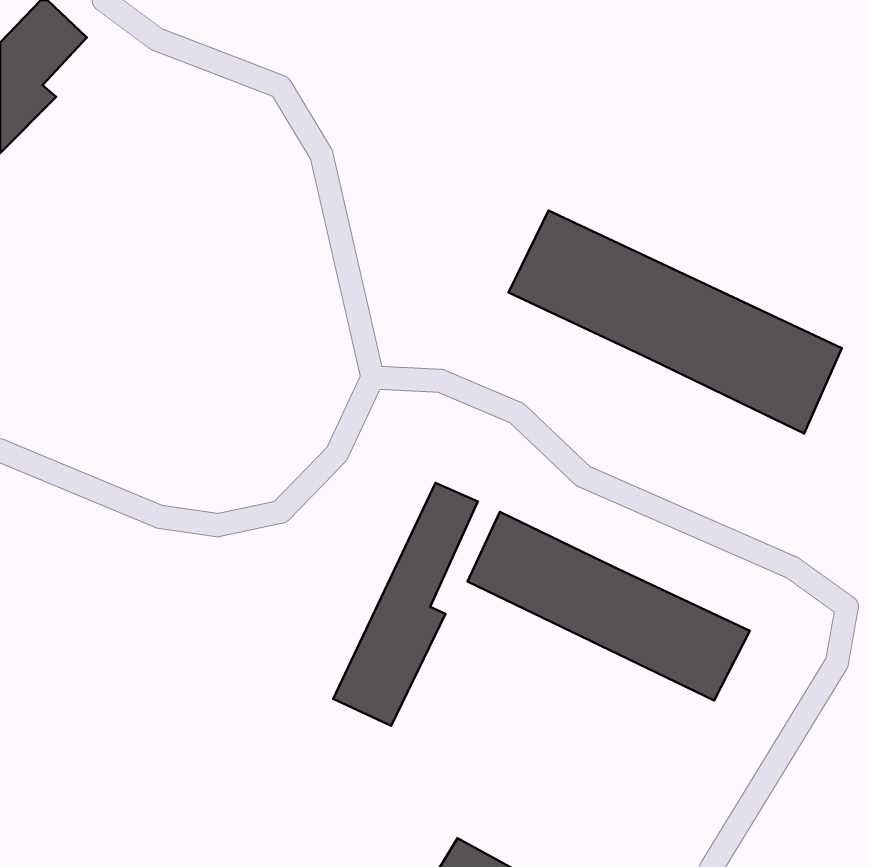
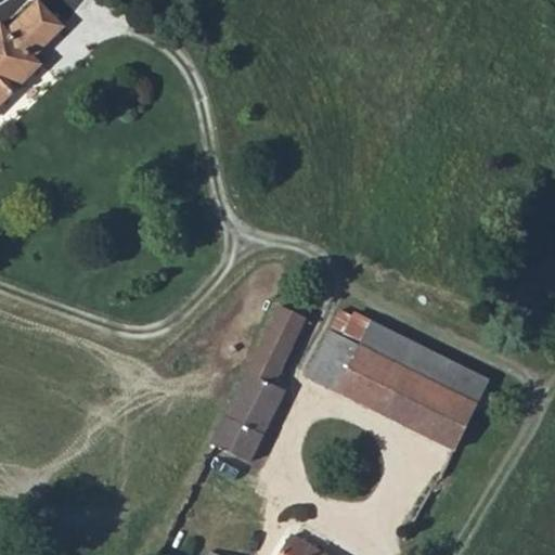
building: [508,210,842,433] -> none
building: none -> [319,308,490,403]

